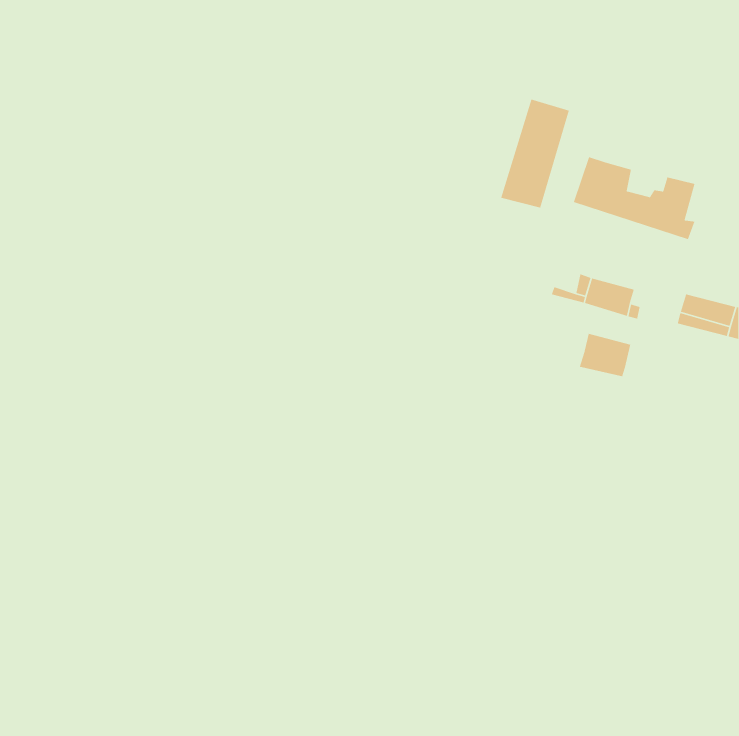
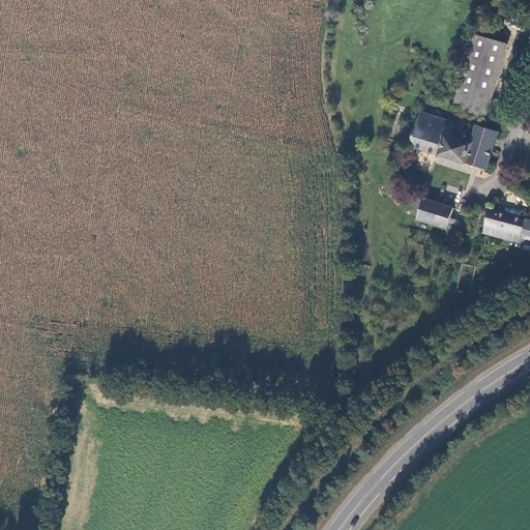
building: [500,98,570,208] -> [455,35,505,114]
building: [579,333,631,377] -> none

